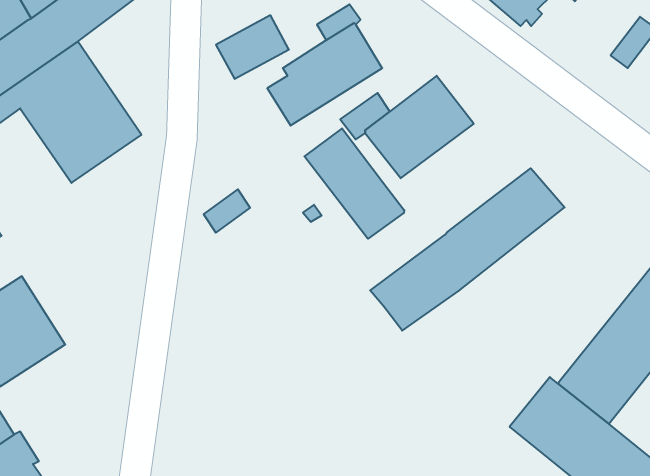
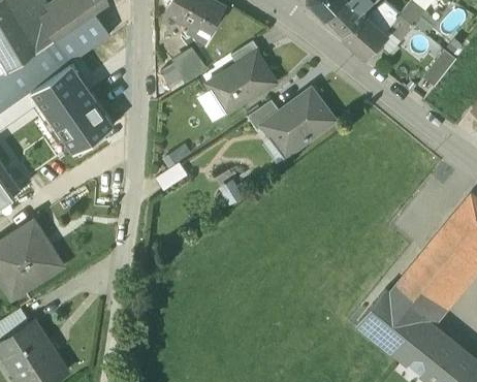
building: [304,128,404,239] -> none
building: [370,168,565,331] -> none

